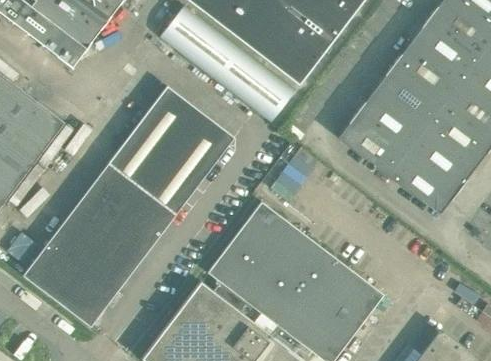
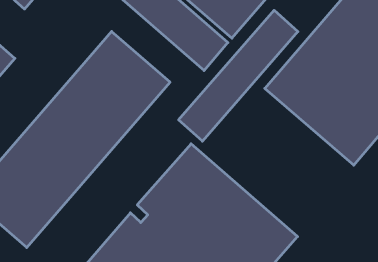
building: none -> [179,10,298,141]

